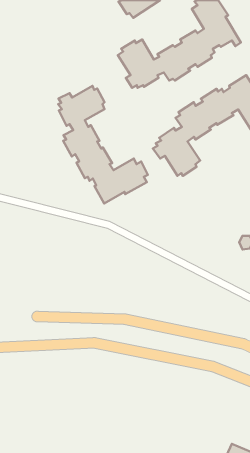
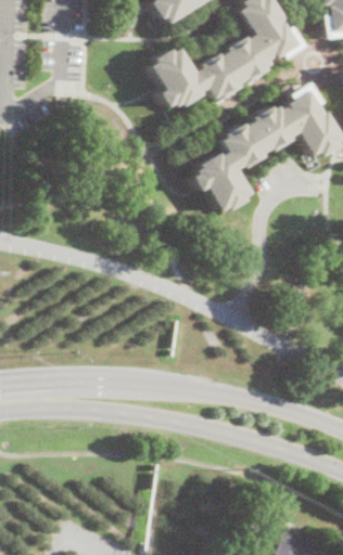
building: [58,86,148,203] -> none

